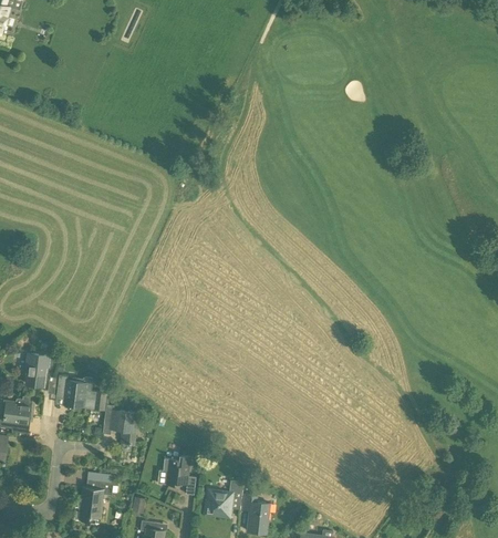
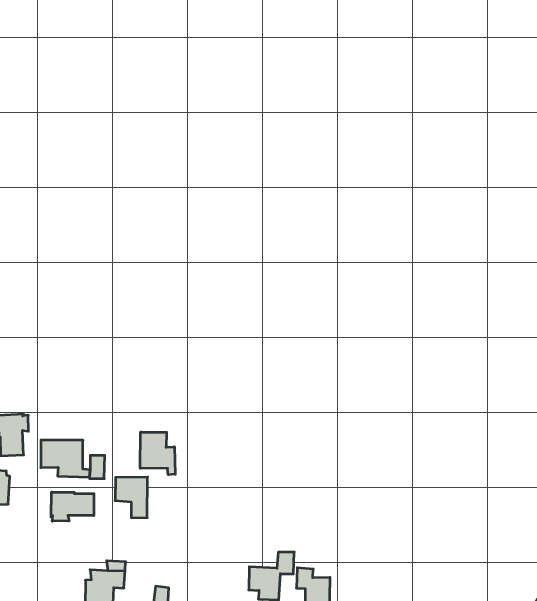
building: none -> [140,432,175,475]
building: none -> [51,492,94,521]
building: [162,456,195,495] -> none

